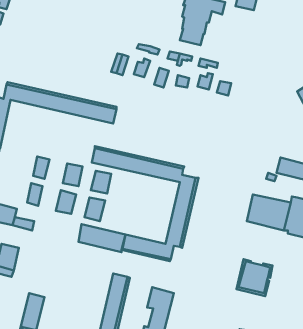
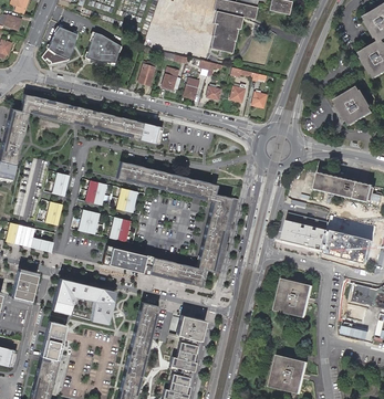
building: none -> [43,28,77,66]
building: none -> [86,31,127,66]
building: none -> [52,277,115,323]

